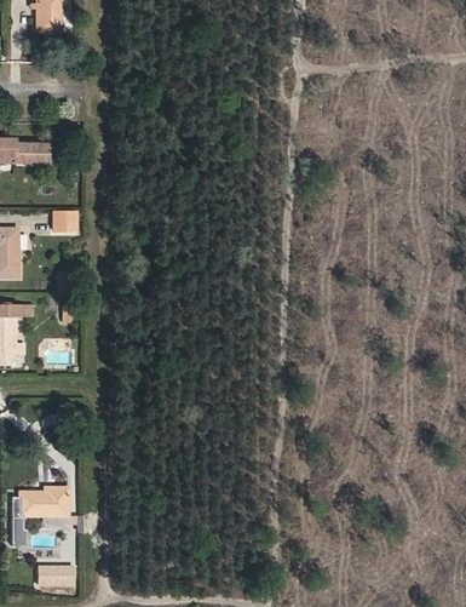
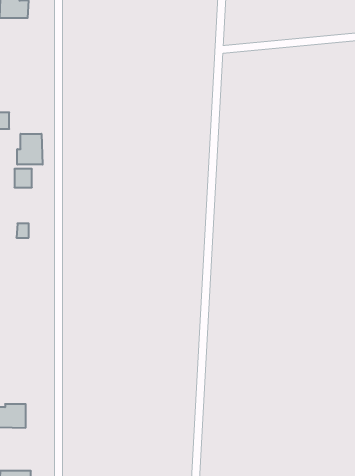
building: none -> [17,134,43,165]

